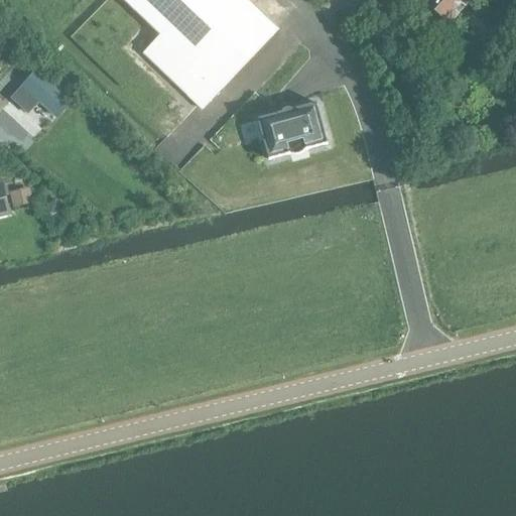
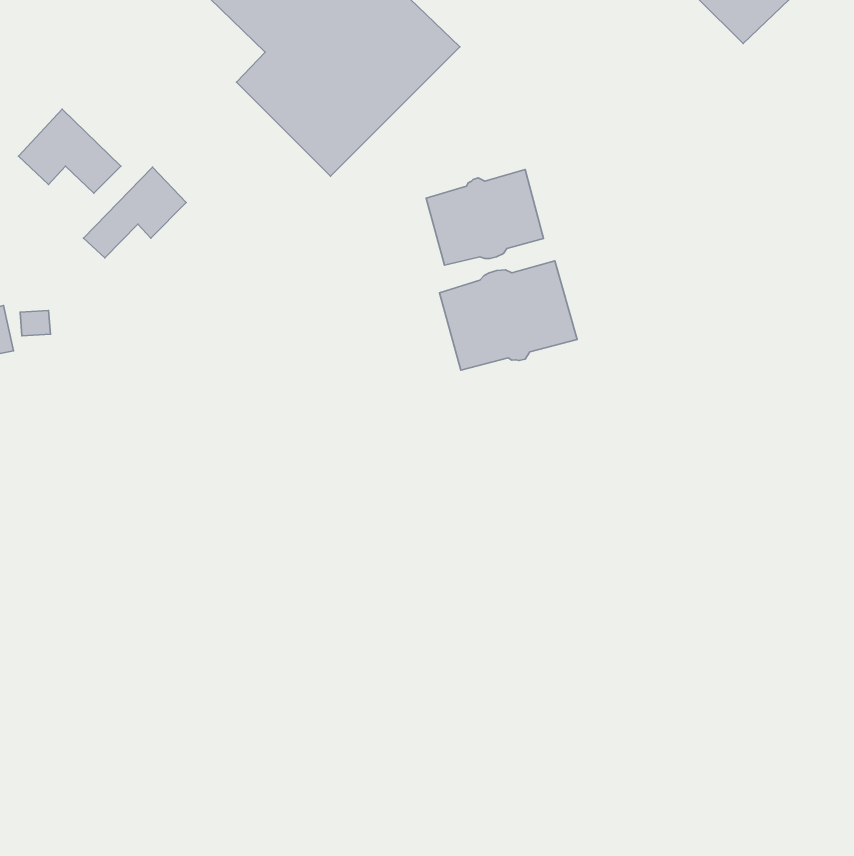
building: none -> [83,167,186,258]
building: none -> [440,261,577,370]

